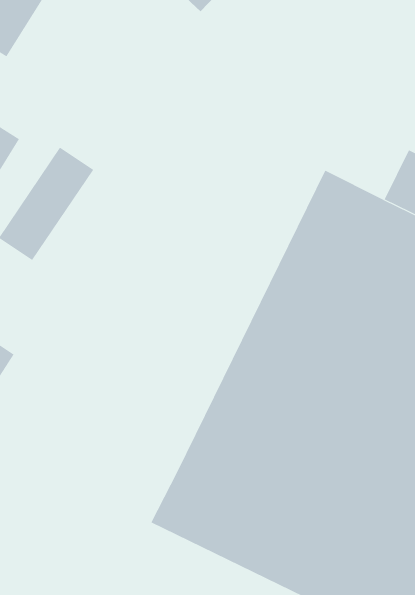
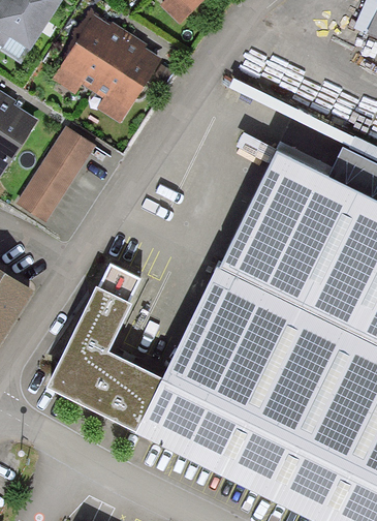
building: none -> [54,21,156,121]
building: none -> [49,257,159,431]

